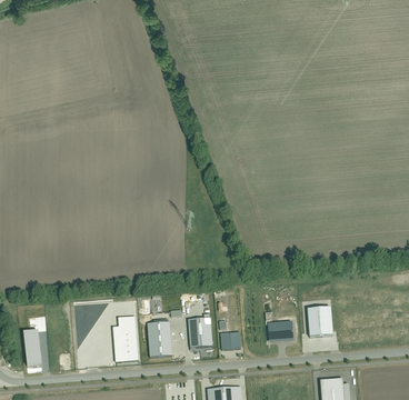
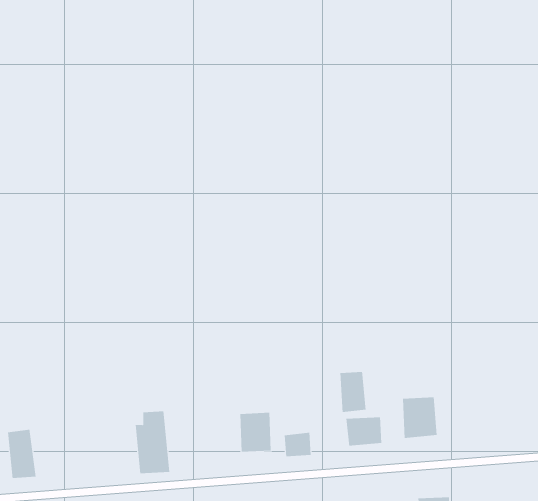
building: none -> [340,371,366,413]
building: [147,318,172,353] -> none

